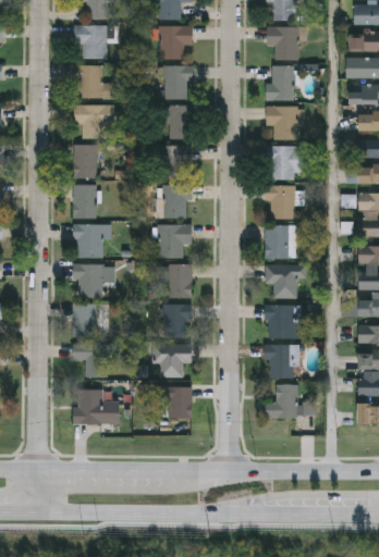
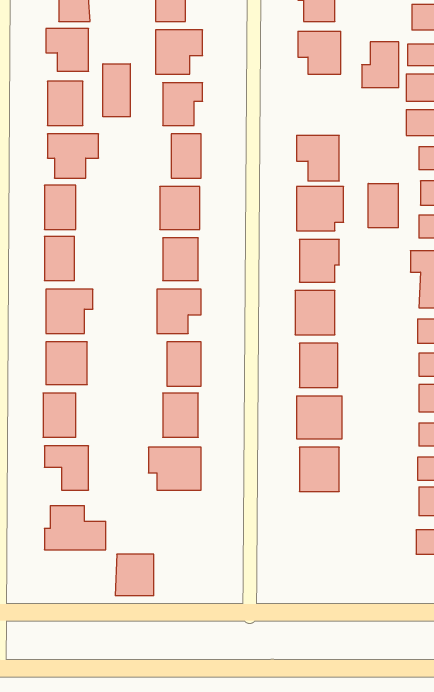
building: none -> [103,64,130,117]
building: [266,66,294,101] -> [362,42,399,88]
building: none -> [368,183,398,228]
building: [264,384,317,418] -> none
building: [162,387,192,419] -> [115,554,154,596]

